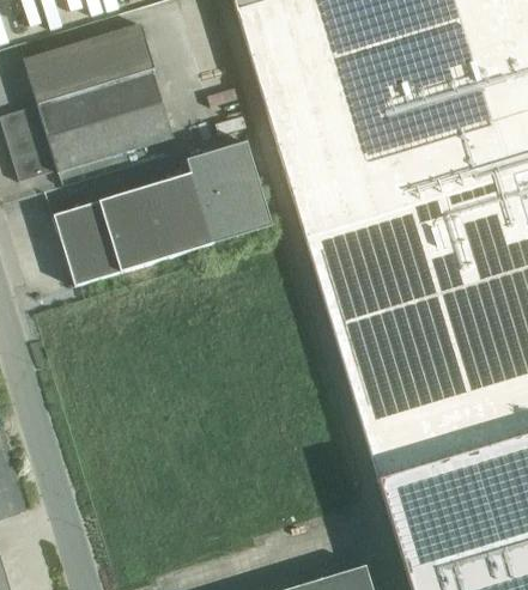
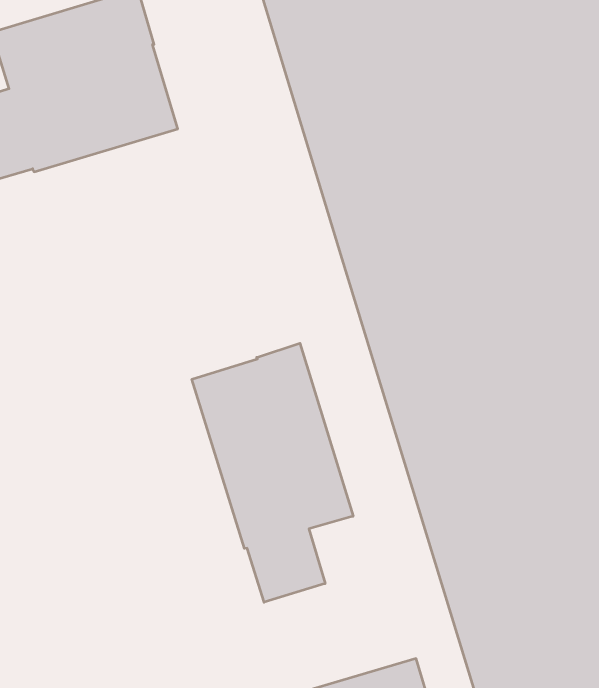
building: [54,141,272,286] -> none
building: none -> [192,343,353,602]

